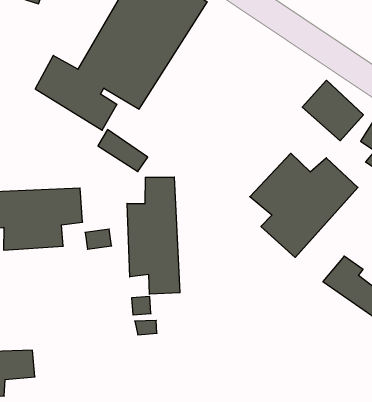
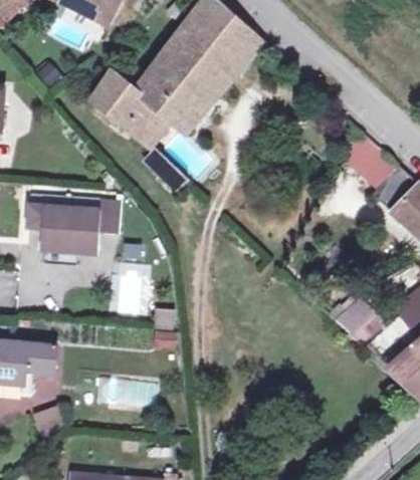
building: [250,153,358,257] -> none
building: [127,177,180,294] -> none

